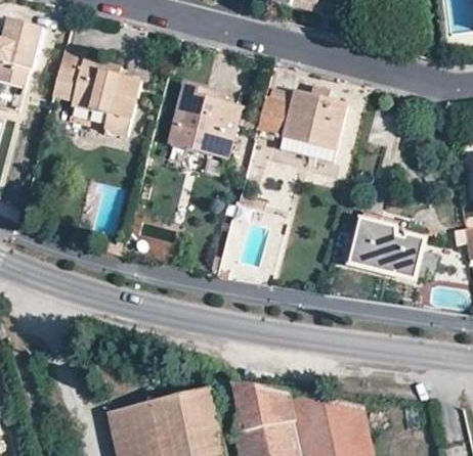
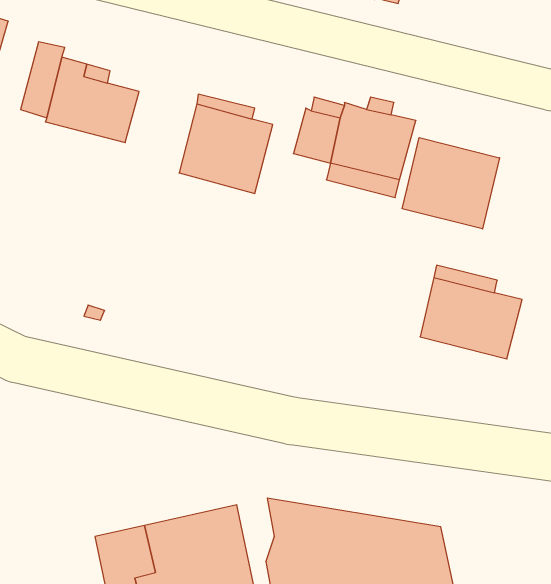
building: none -> [402,138,500,229]

